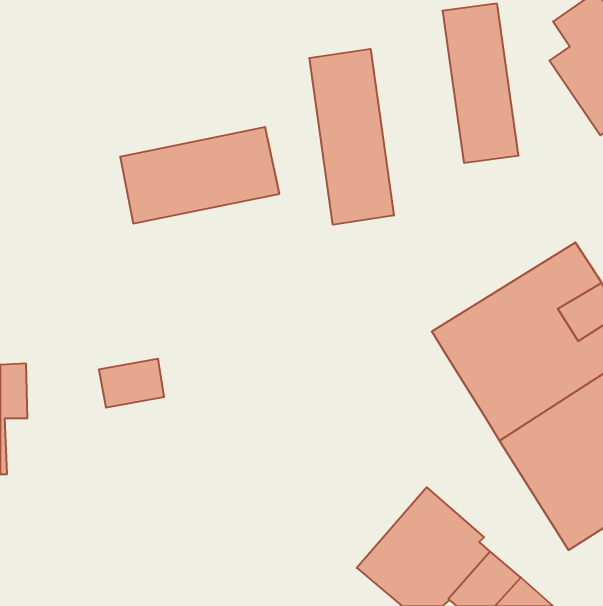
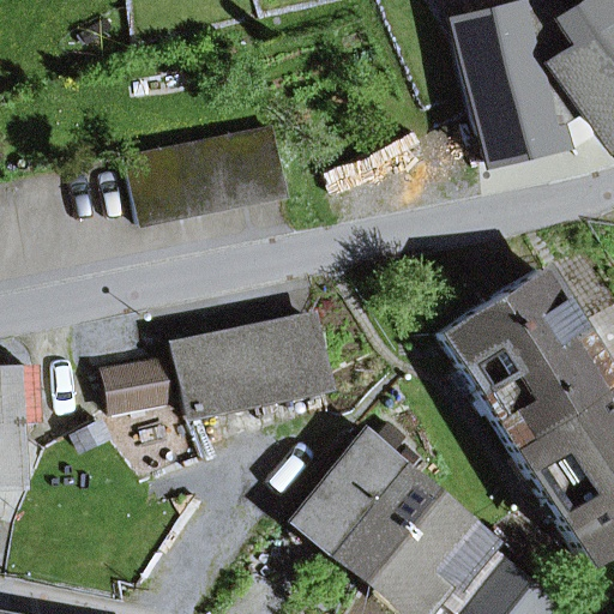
building: [309,49,394,225] -> none
building: none -> [173,318,326,415]
building: none -> [300,437,435,573]

